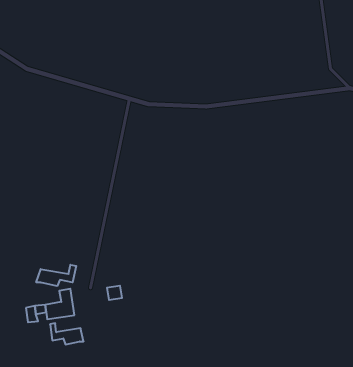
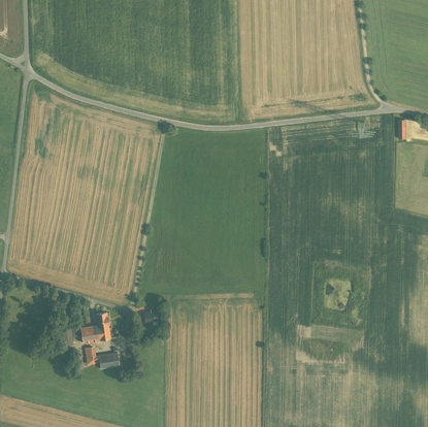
building: [36,265,76,286] -> none

